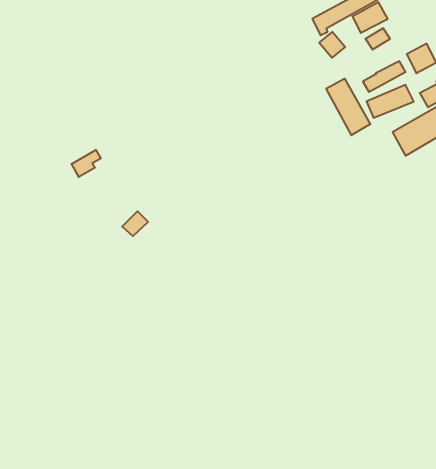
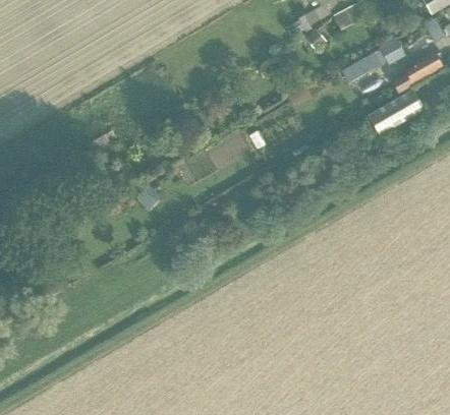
building: [326,79,370,135] -> none

